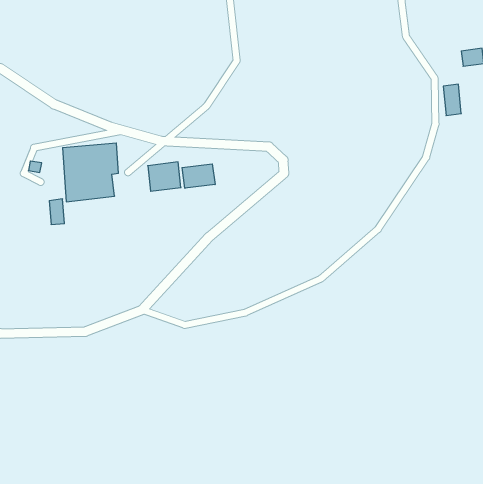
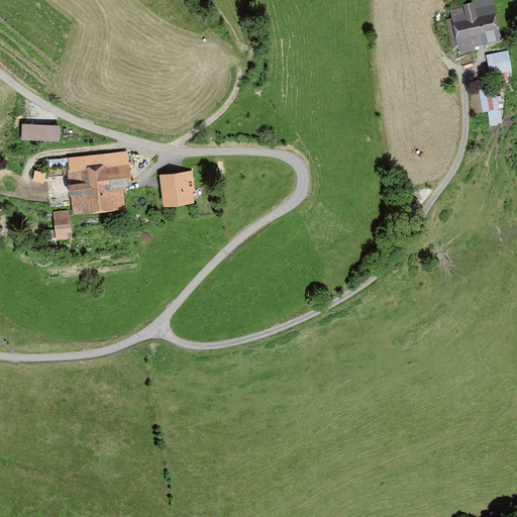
building: none -> [451,6,495,47]
building: none -> [24,124,59,139]
building: [182,164,215,188] -> none

